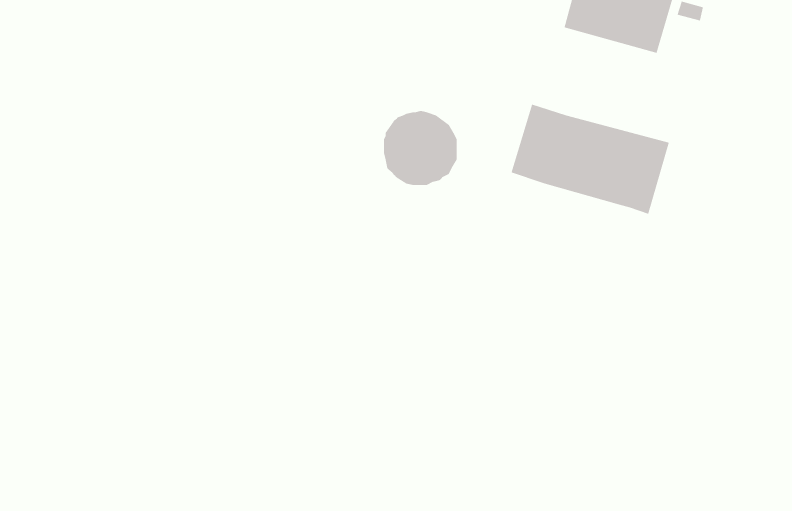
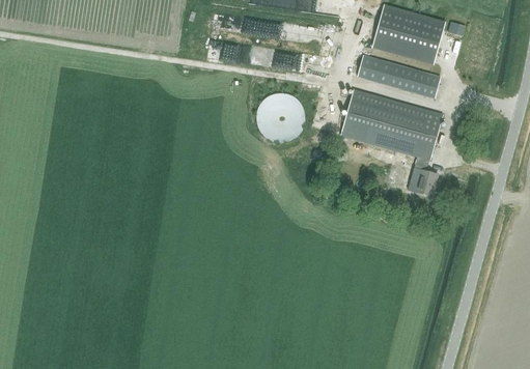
building: none -> [356,55,439,98]
building: none -> [412,157,437,197]

